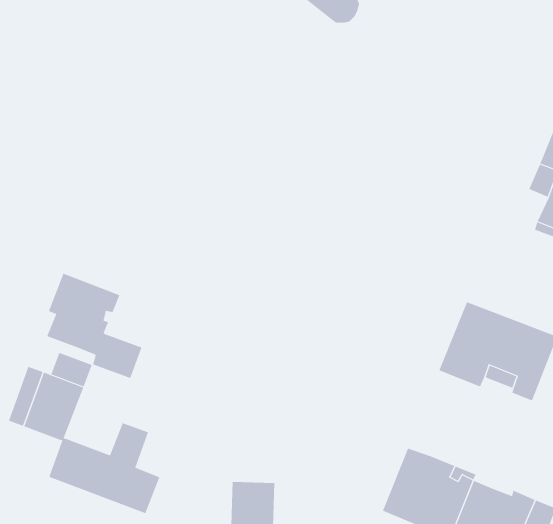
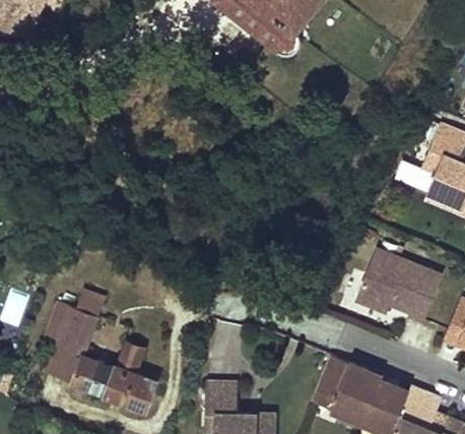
building: [46,273,142,379] -> none
building: none -> [46,343,83,378]

